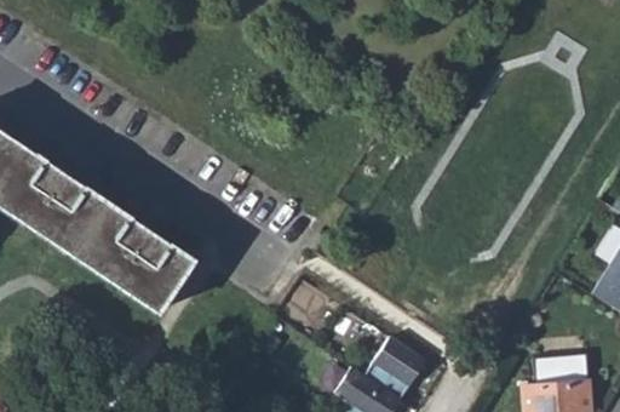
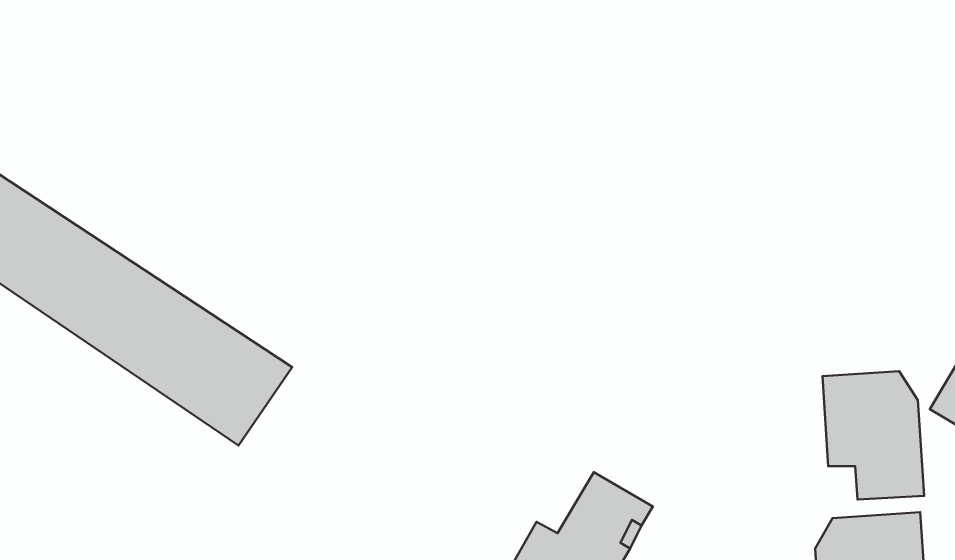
building: none -> [822,371,924,499]

